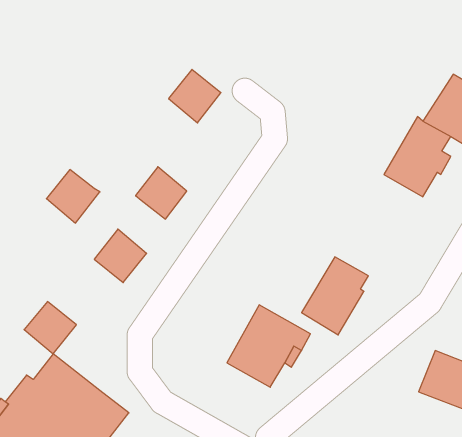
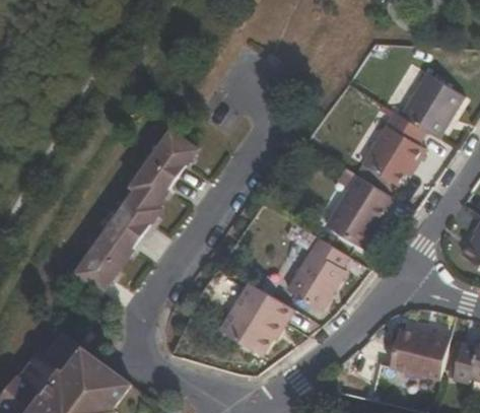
building: [169,69,221,123] -> [155,131,203,180]
building: [46,170,100,223] -> [119,188,167,236]
building: none -> [323,169,392,249]
building: [24,302,76,354] -> [76,242,124,289]

